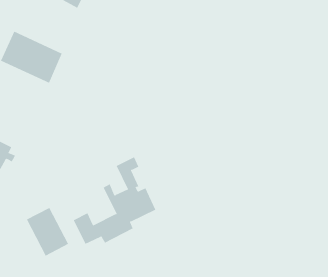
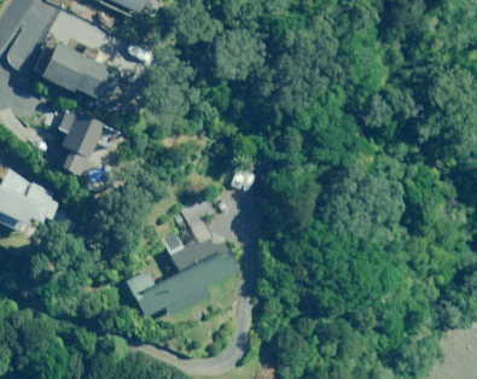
building: none -> [57,110,118,174]
building: [26,207,69,257] -> none

